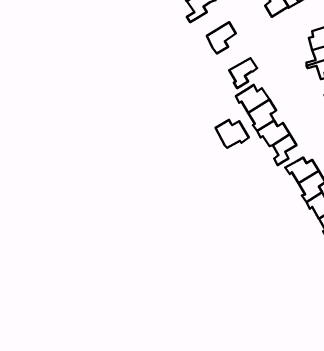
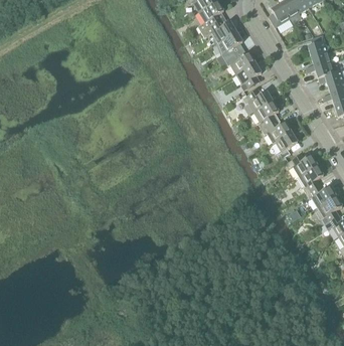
building: none -> [202,21,237,43]
building: none -> [226,52,256,74]
building: [216,120,249,148] -> none

